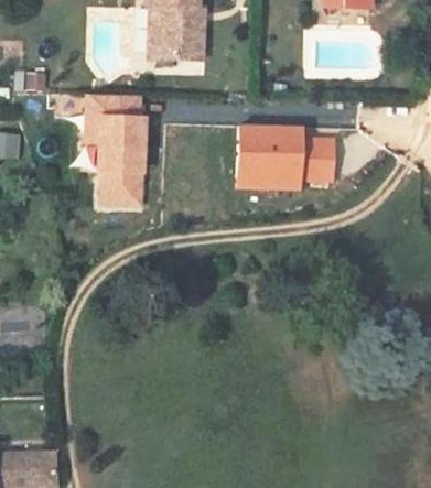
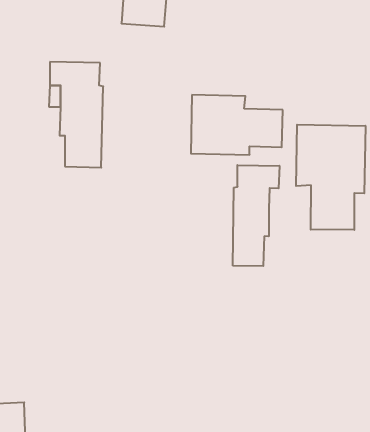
building: none -> [296,125,365,230]
building: none -> [233,165,279,266]

